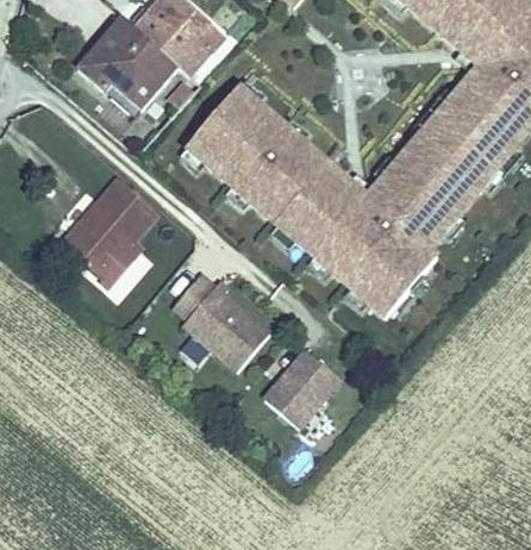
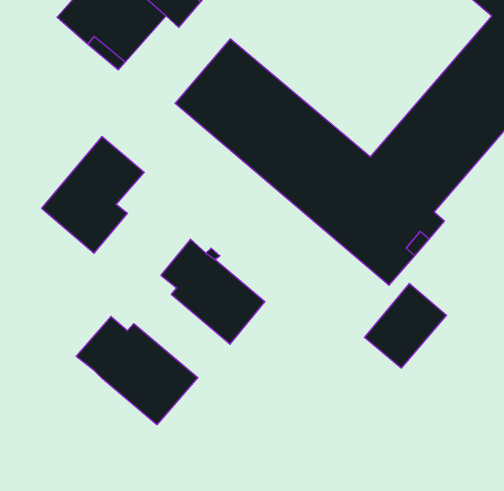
building: none -> [76,316,198,425]
building: [263,346,339,425] -> [364,283,447,368]

